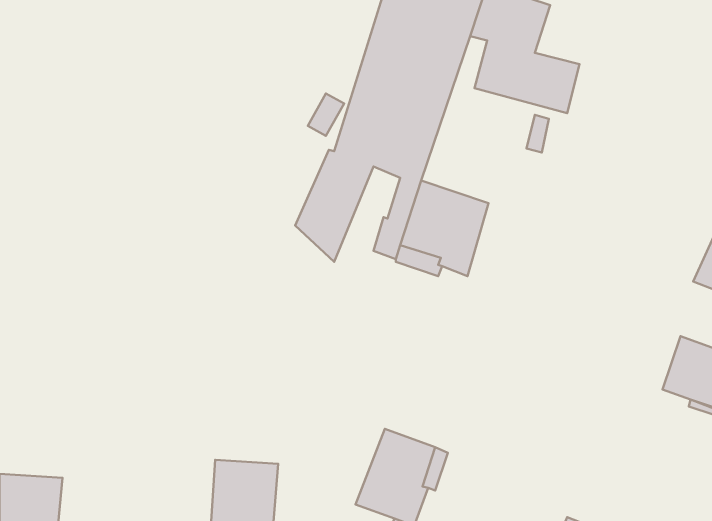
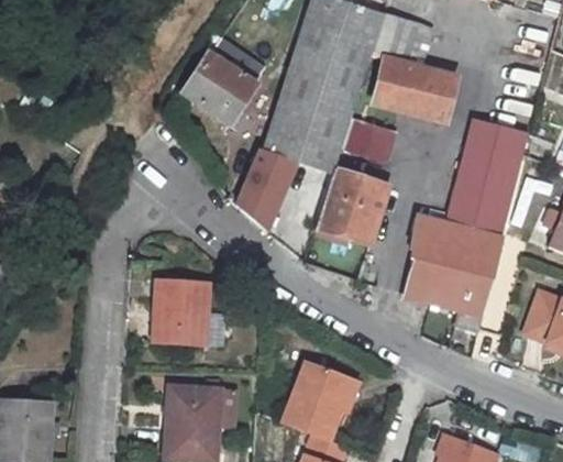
building: none -> [183,54,257,124]
building: none -> [347,121,391,160]
building: none -> [401,121,527,330]
building: none -> [156,280,209,343]

